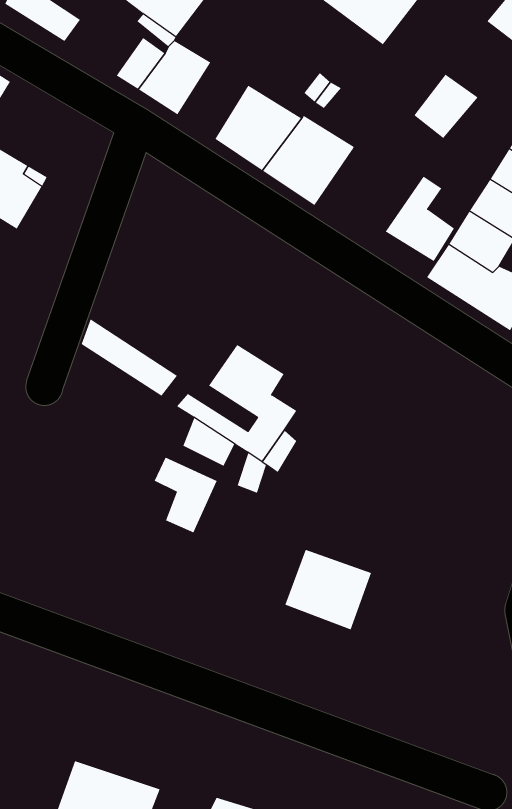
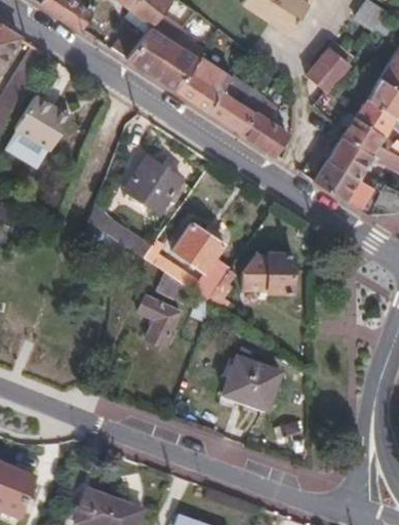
building: none -> [154,42,199,91]
building: [385,176,455,262] -> [242,98,287,154]
building: none -> [126,157,181,217]
building: none -> [244,253,292,295]

